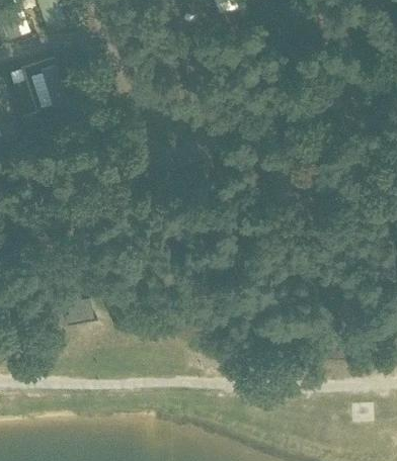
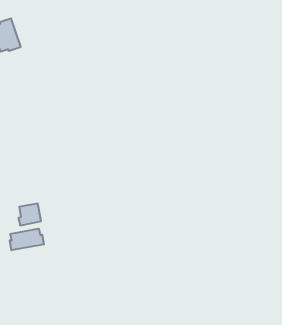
building: none -> [10,229,44,250]

